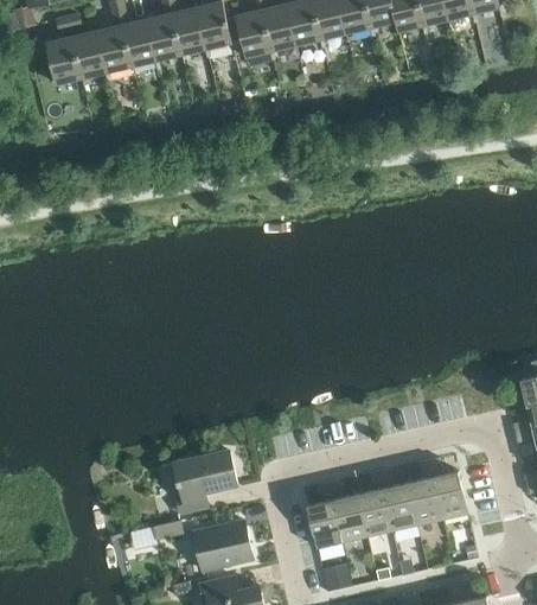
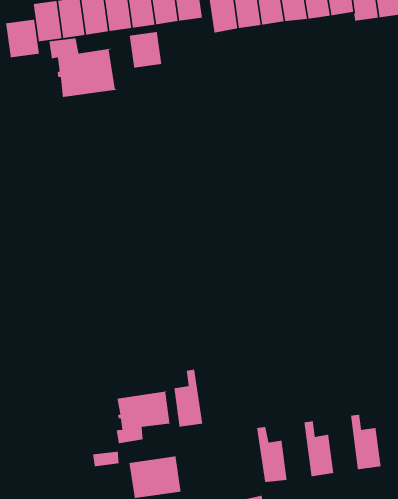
building: none -> [5,19,40,58]
building: none -> [129,31,162,68]
building: none -> [48,38,117,98]
building: [407,460,441,526] -> none
building: [357,472,391,537] -> none
building: [306,483,341,548] -> [173,369,203,427]

